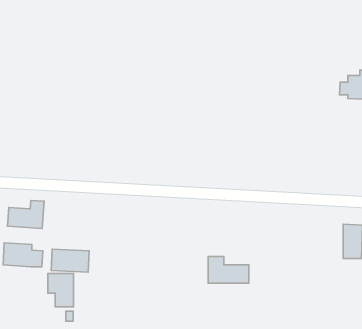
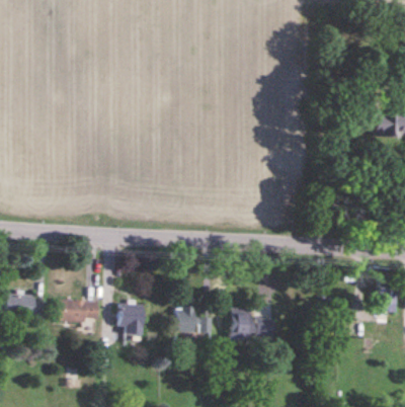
building: [8,200,44,228] -> none
building: none -> [173,308,213,333]
building: [48,274,74,307] -> [117,304,146,340]

